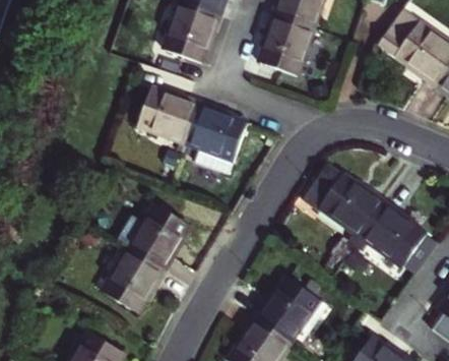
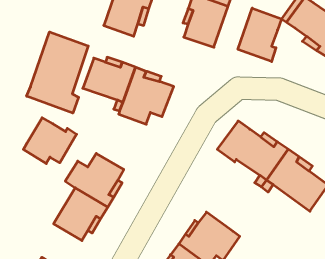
building: none -> [238,8,282,62]
building: none -> [27,32,88,113]
building: none -> [23,118,77,164]

